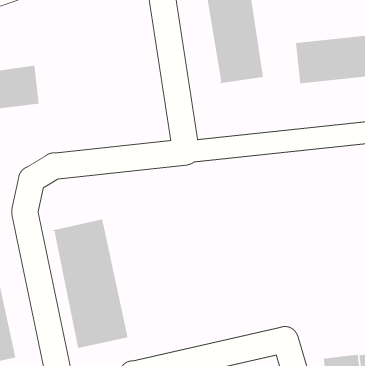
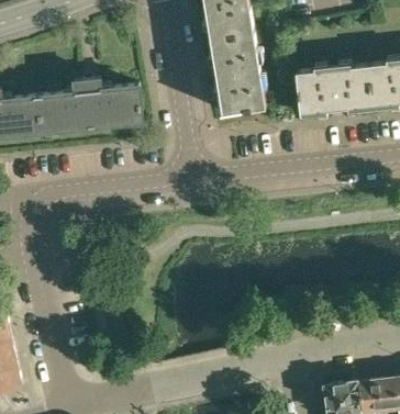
building: none -> [38,80,142,135]
building: [51,219,128,349] -> none

